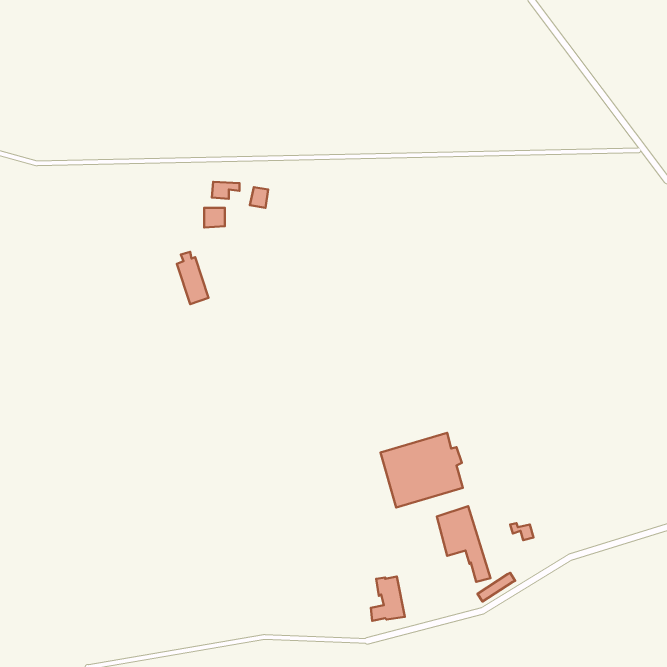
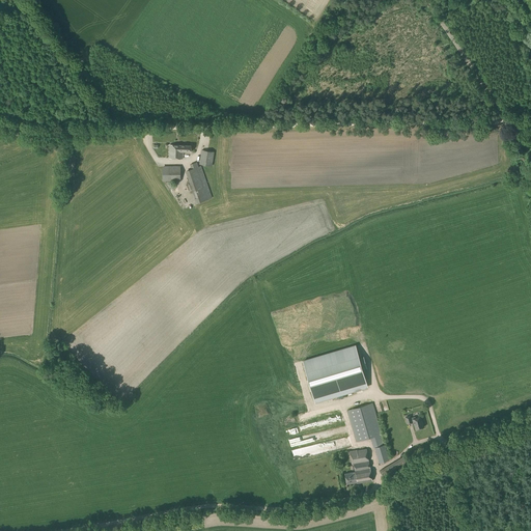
building: [177,252,208,304] -> [186,162,211,203]
building: [371,576,405,621] -> [344,448,371,483]

